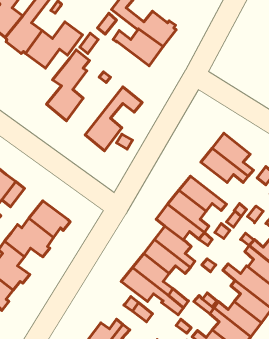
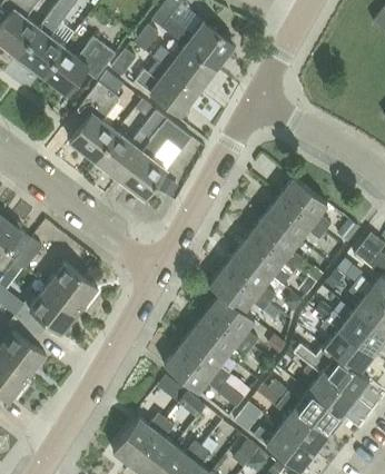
building: none -> [136,60,199,115]
building: none -> [95,110,166,179]
building: none -> [251,214,303,267]

